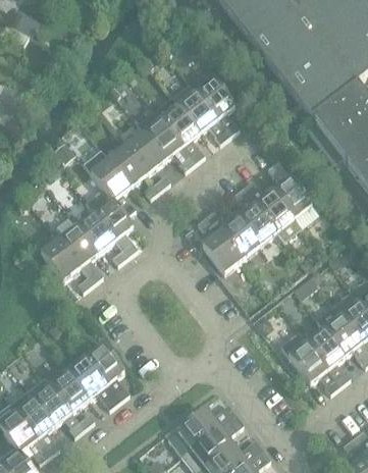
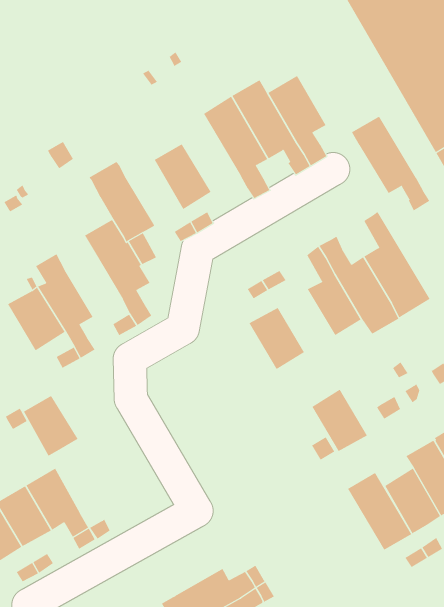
building: [136,110,194,170] -> [351,116,430,211]
building: [107,145,148,189] -> none
building: [75,211,115,254] -> none
building: [219,217,259,259] -> [311,389,368,452]
building: [86,344,124,384] -> [23,395,78,456]

